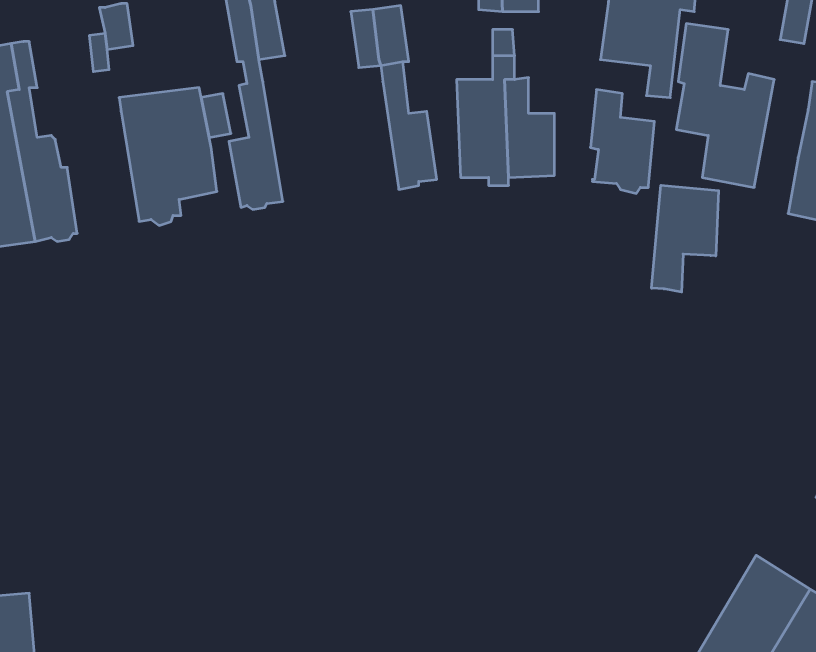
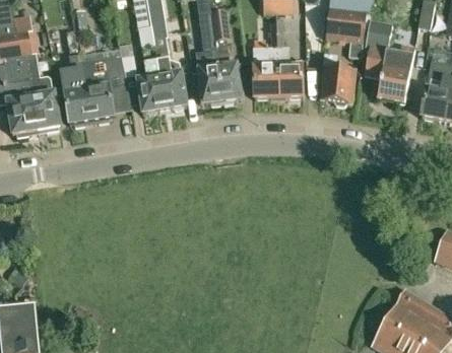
building: none -> [154,47,187,110]
building: none -> [194,49,223,104]
building: none -> [65,50,91,125]
building: [652,185,719,292] -> none

